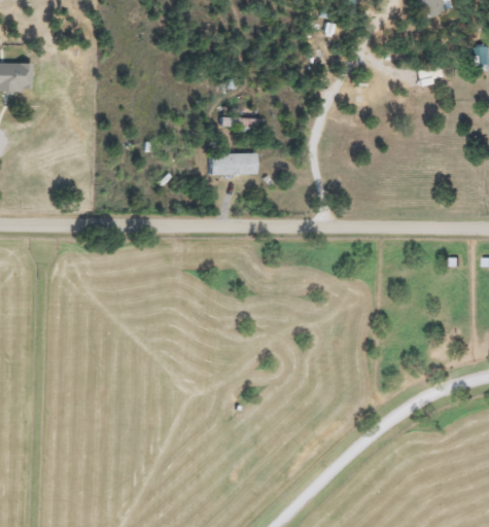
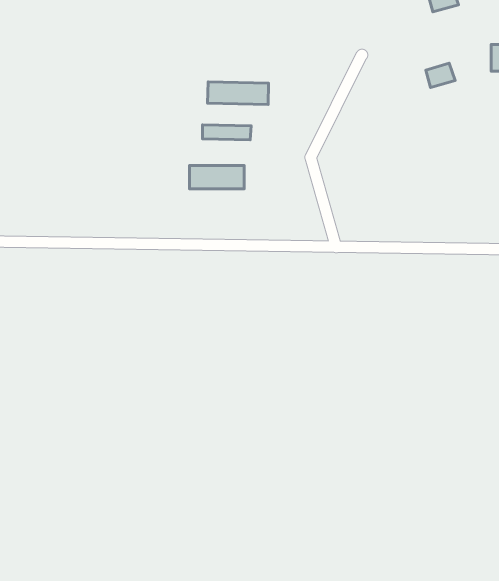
building: none -> [208,82,269,105]

